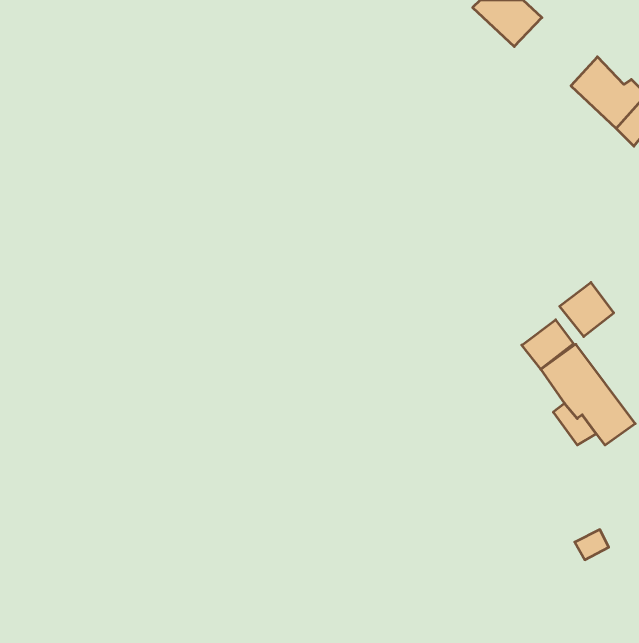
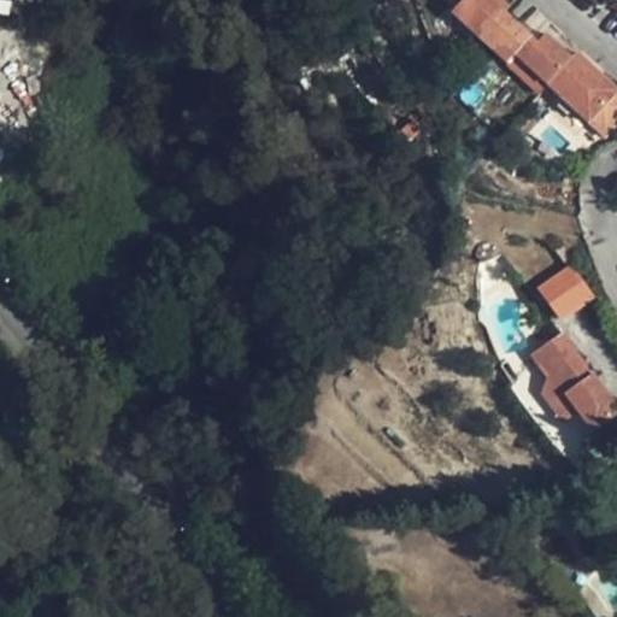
building: none -> [496,18,576,83]
building: [522,320,574,369] -> none

